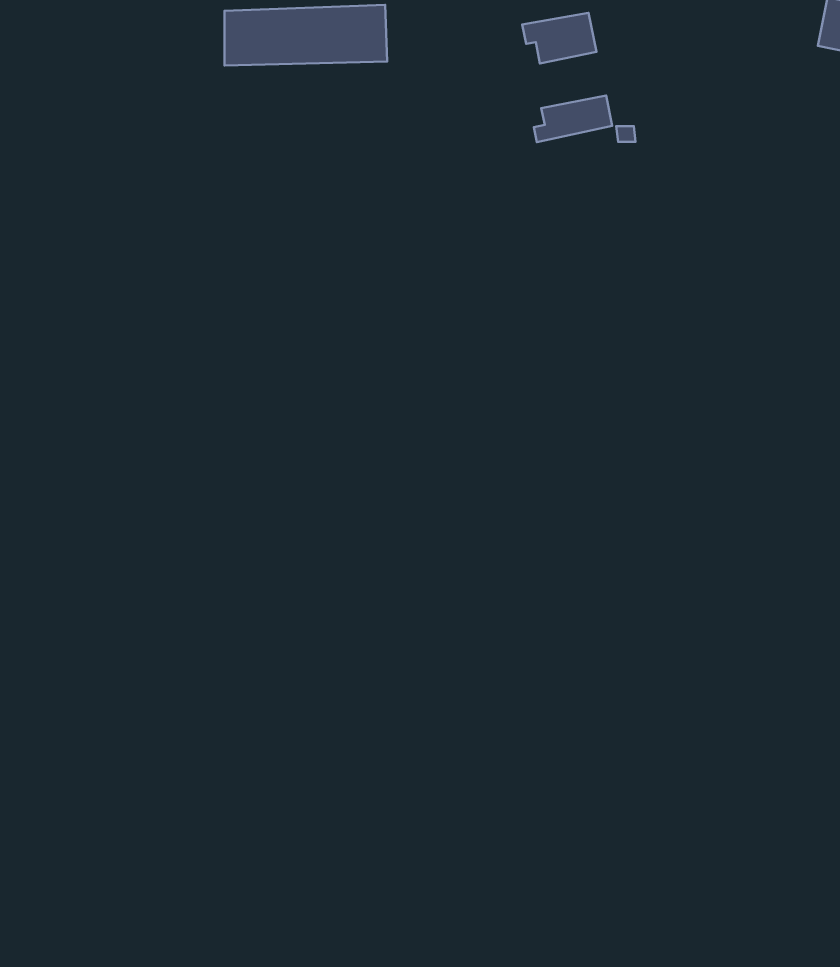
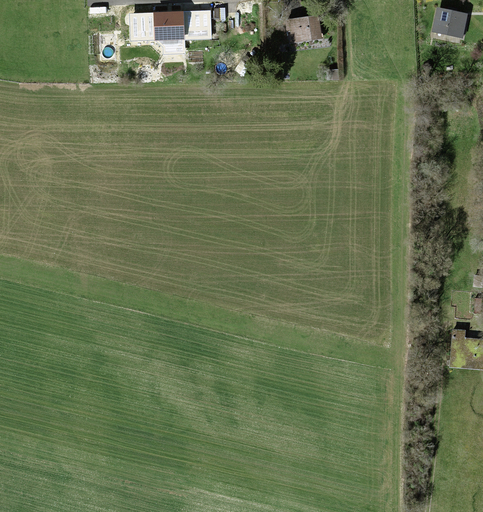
building: [534,96,612,142] -> none

